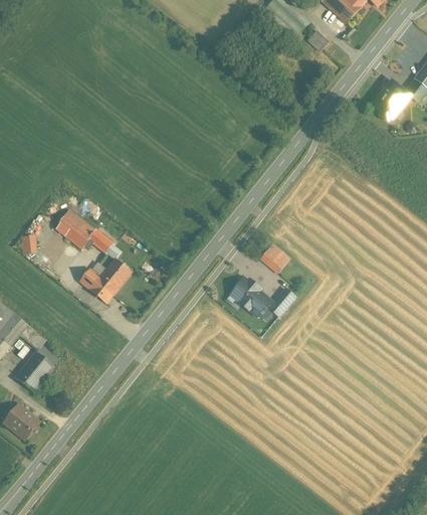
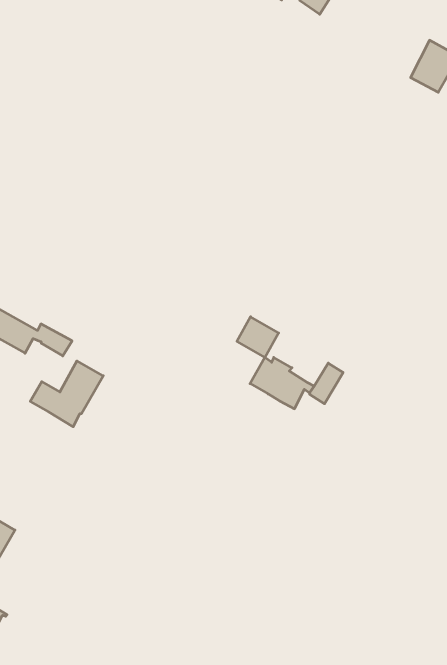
building: [259,243,288,273] -> [237,317,279,357]

